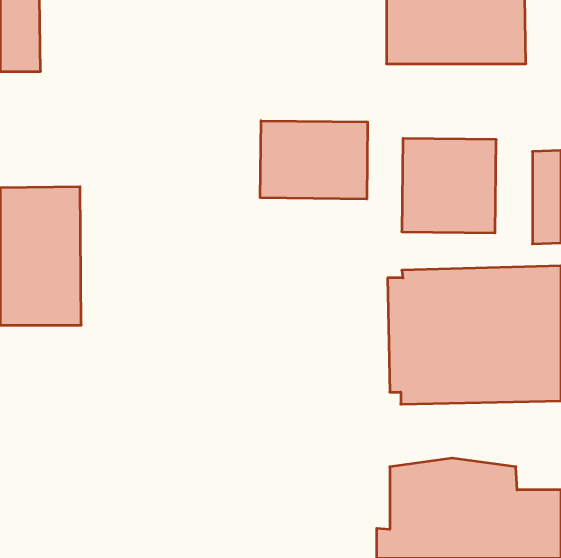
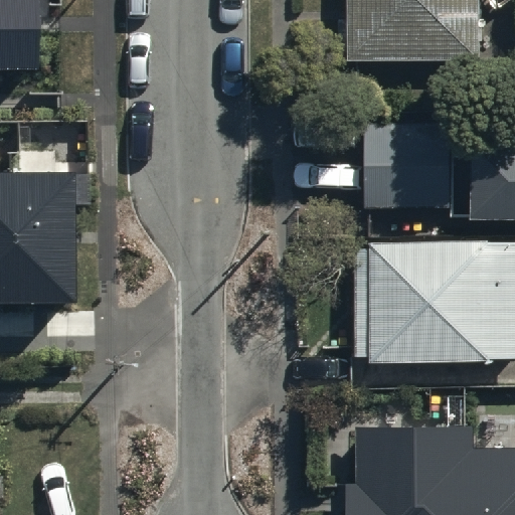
building: [260,121,368,199] -> none

